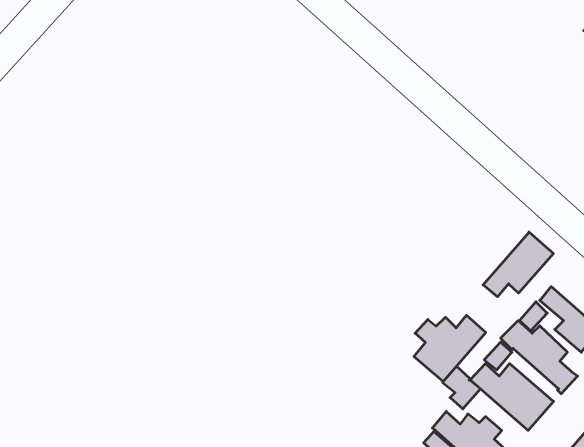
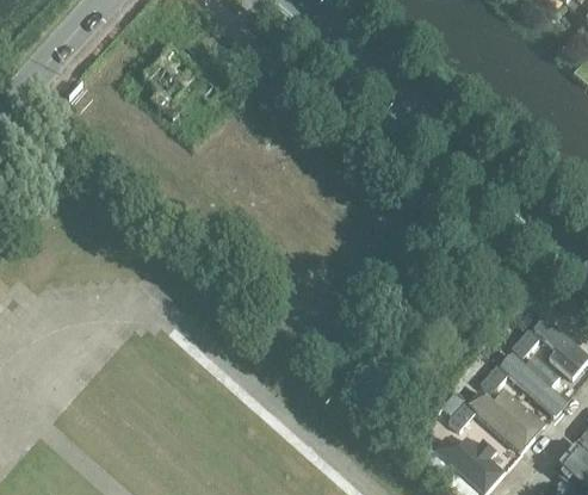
building: [483,232,553,297] -> none
building: [414,315,486,381] -> none

